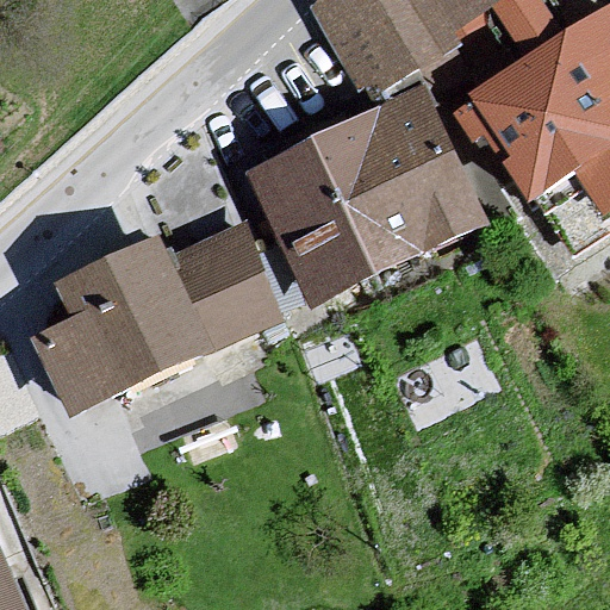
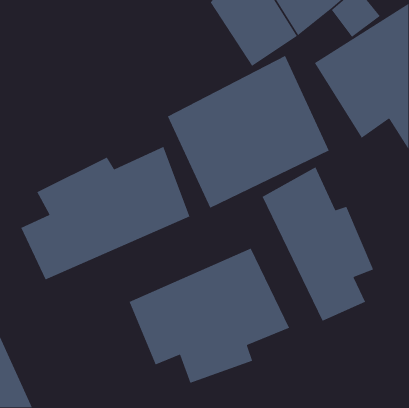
building: none -> [262,166,374,322]
building: none -> [128,248,290,384]

